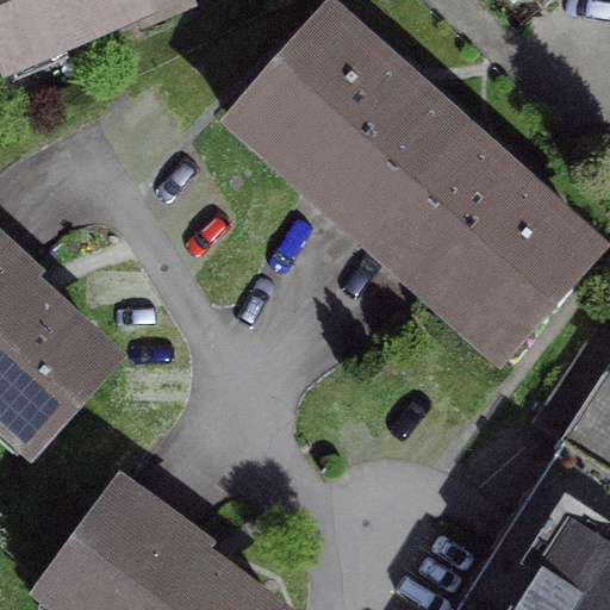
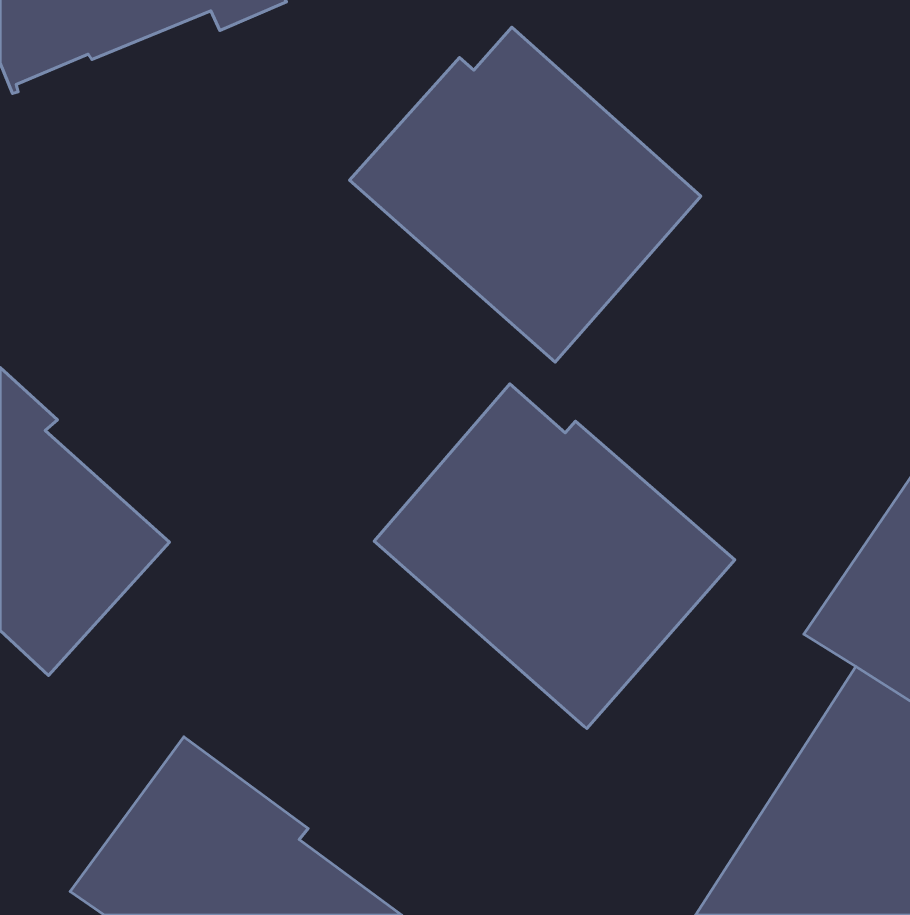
building: [375,131,595,356] -> none
building: none -> [374,384,735,729]

